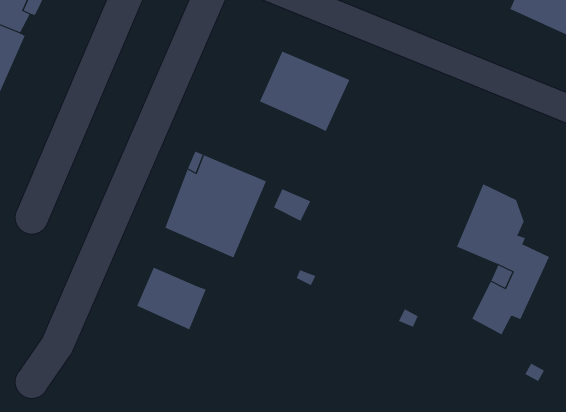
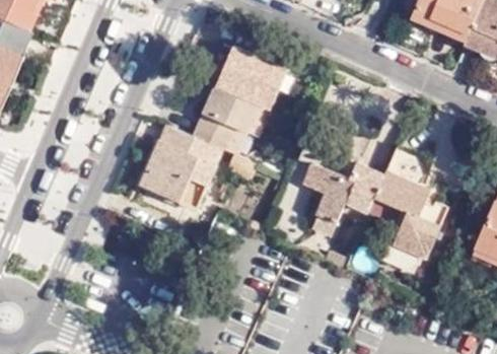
building: none -> [193,85,262,152]
building: none -> [301,162,385,236]
building: [137,267,206,330] -> none

